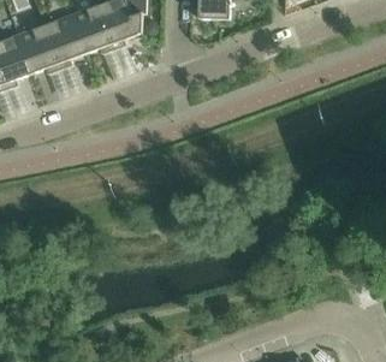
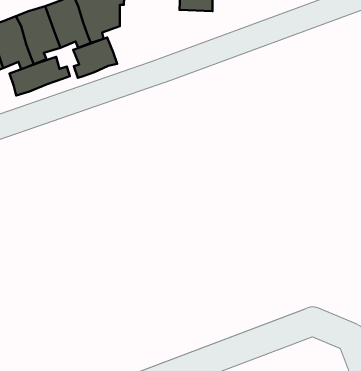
building: none -> [73,38,117,78]
building: none -> [10,57,70,96]

